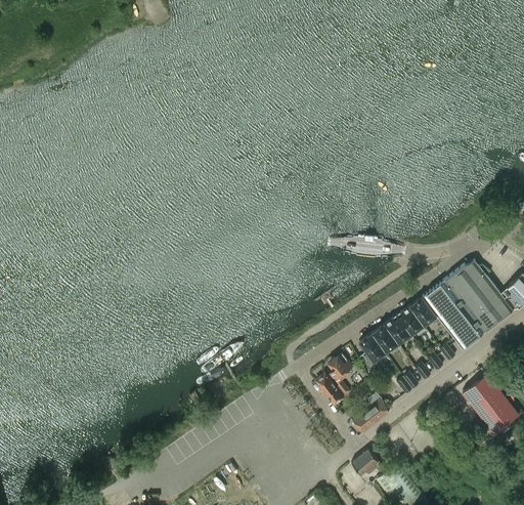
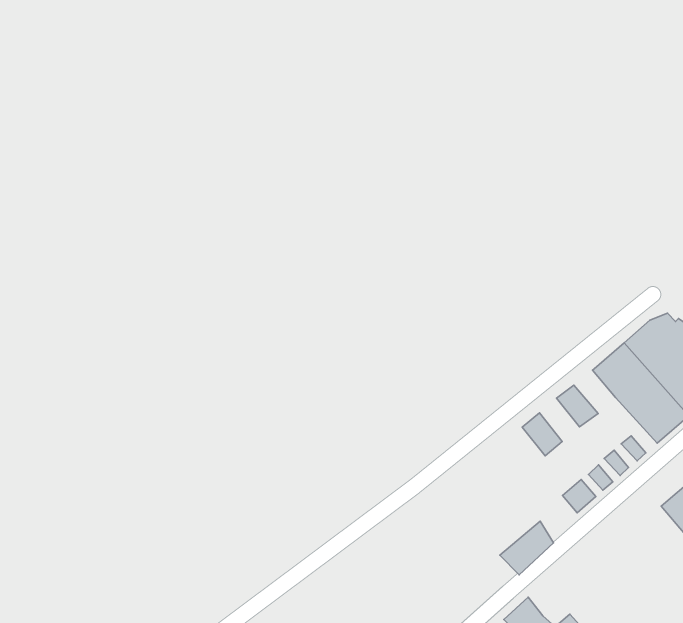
building: [408,297,436,327] -> none
building: [384,314,410,344] -> none
building: [358,333,386,363] -> none
building: [316,353,352,404] -> none

